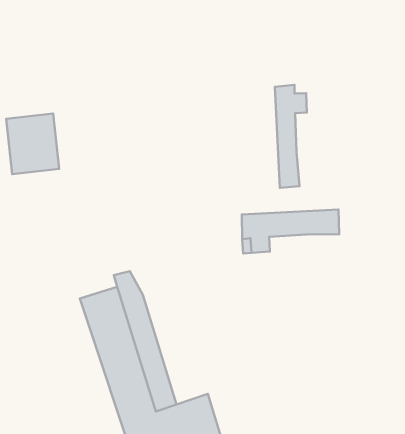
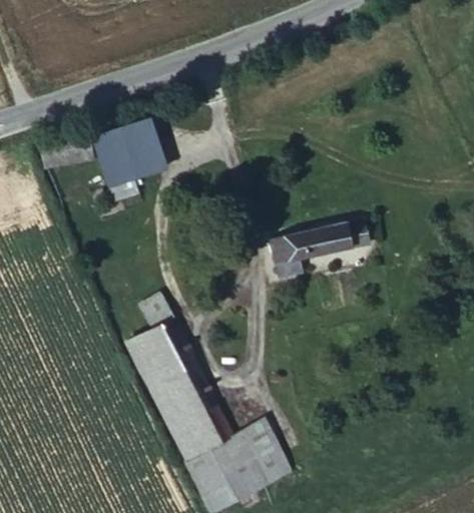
building: [275,85,307,188] -> none
building: [6,114,59,174] -> [91,122,150,187]

